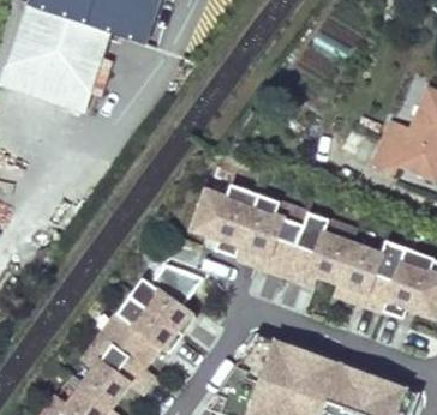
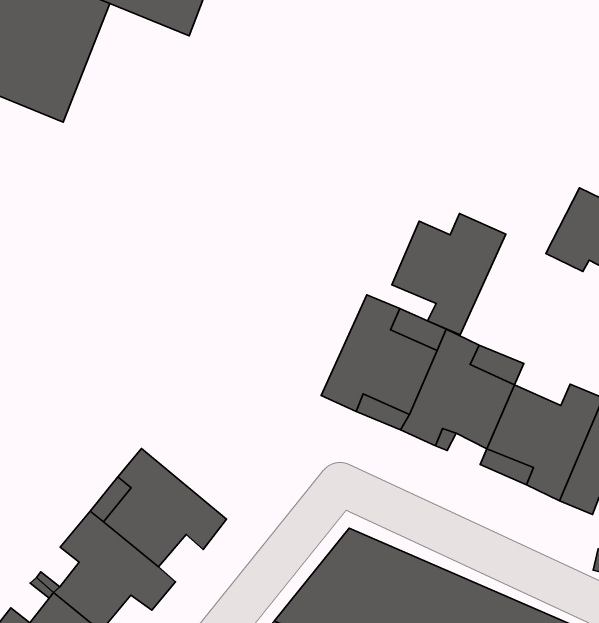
building: [194,182,262,255] -> [392,213,506,335]
building: [131,261,205,333] -> none

